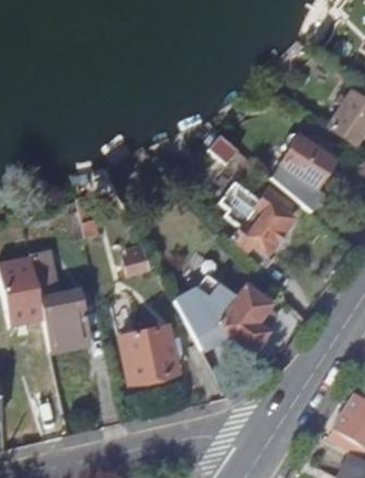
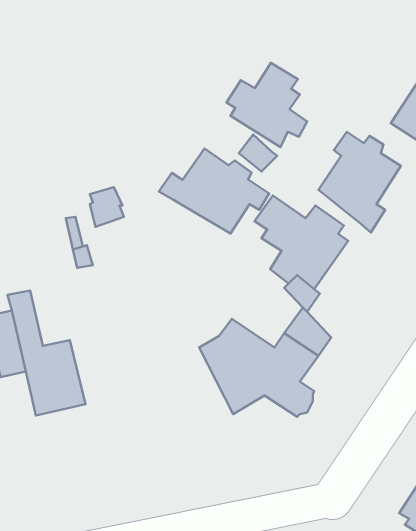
building: none -> [227,63,307,147]
building: none -> [159,148,269,233]
building: [119,327,183,385] -> none

